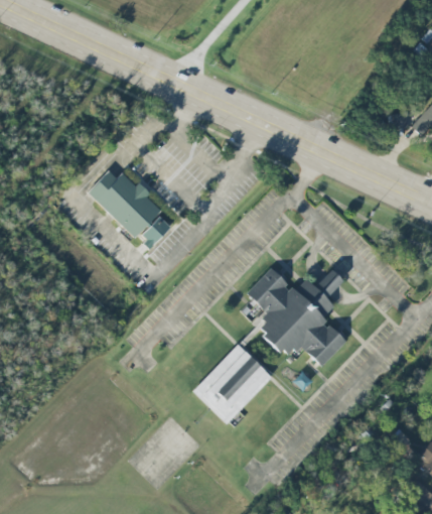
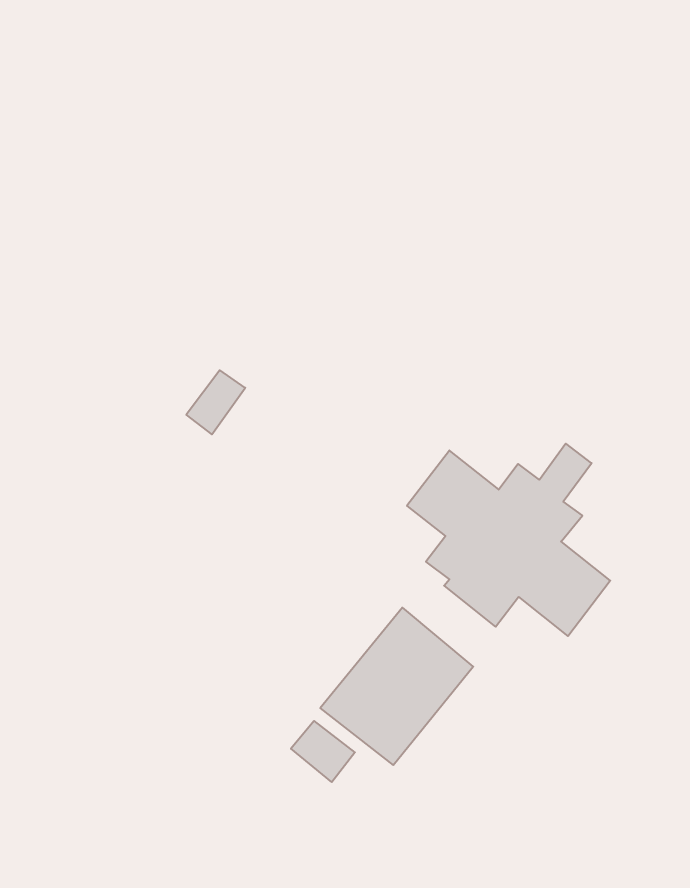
building: [88,170,161,237] -> none
building: none -> [291,721,355,782]

